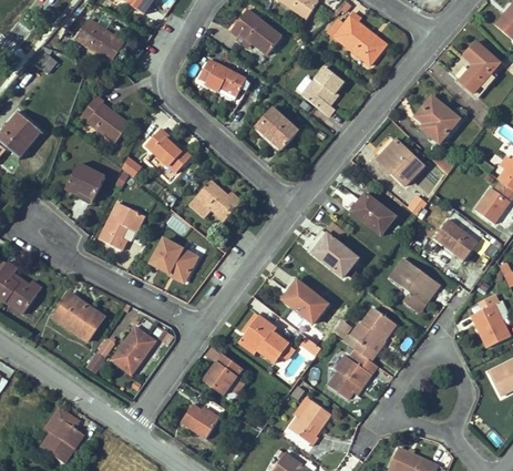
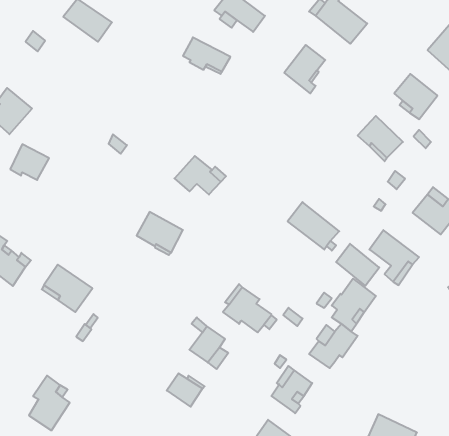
building: [79,94,129,143] -> none
building: [255,107,298,150] -> none
building: [145,129,191,173] -> none
building: [65,163,105,199] -> [10,144,49,180]
building: [350,193,396,235] -> none
building: [99,202,144,250] -> none
building: [283,280,327,324] -> [336,244,379,286]
building: [111,327,155,375] -> none

